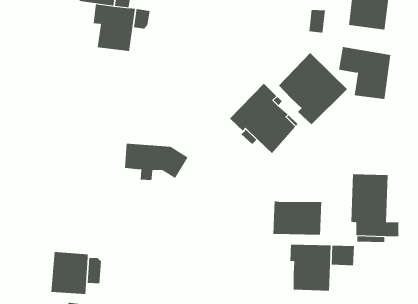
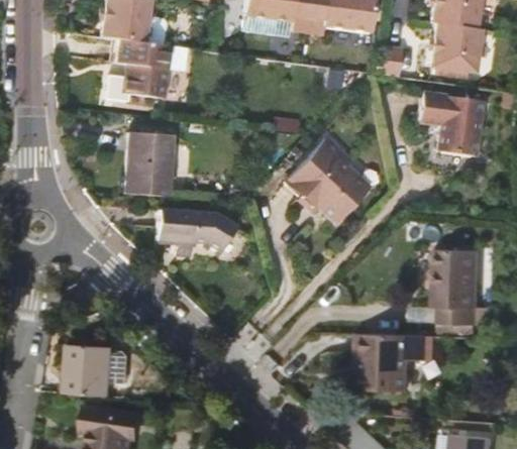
building: [278,52,348,125] -> none
building: none -> [124,131,172,197]
building: [273,201,322,236] -> none

